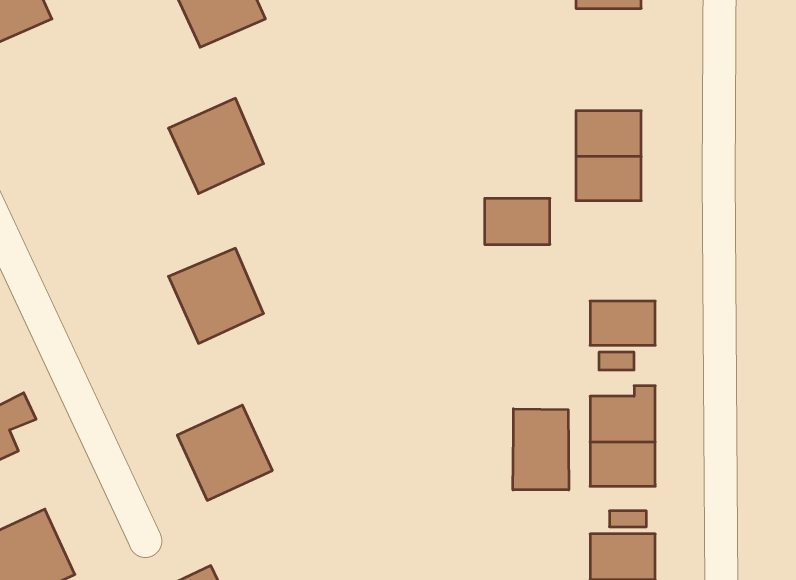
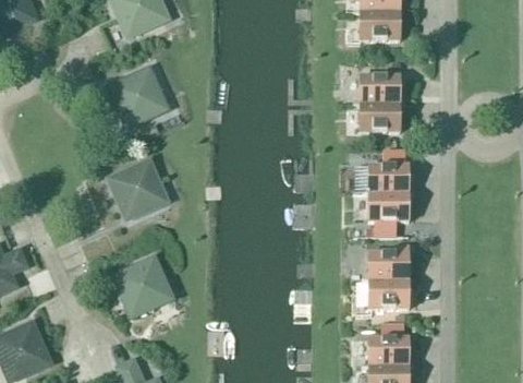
building: none -> [361,12,401,39]
building: [485,198,550,244] -> [369,165,410,193]
building: [513,409,569,490] -> none

